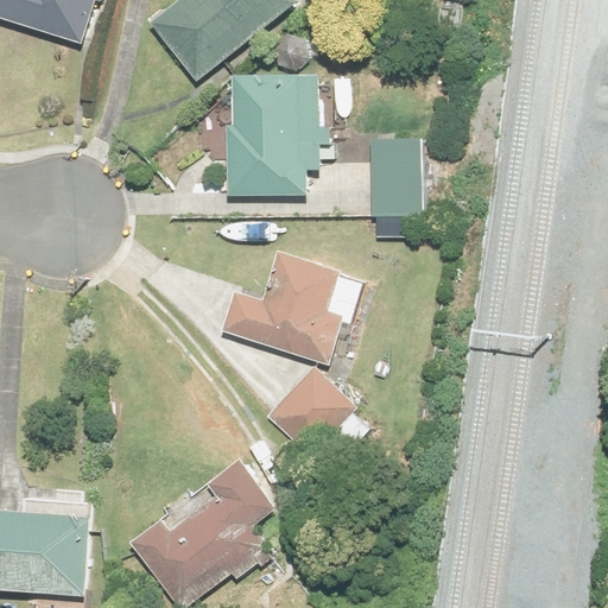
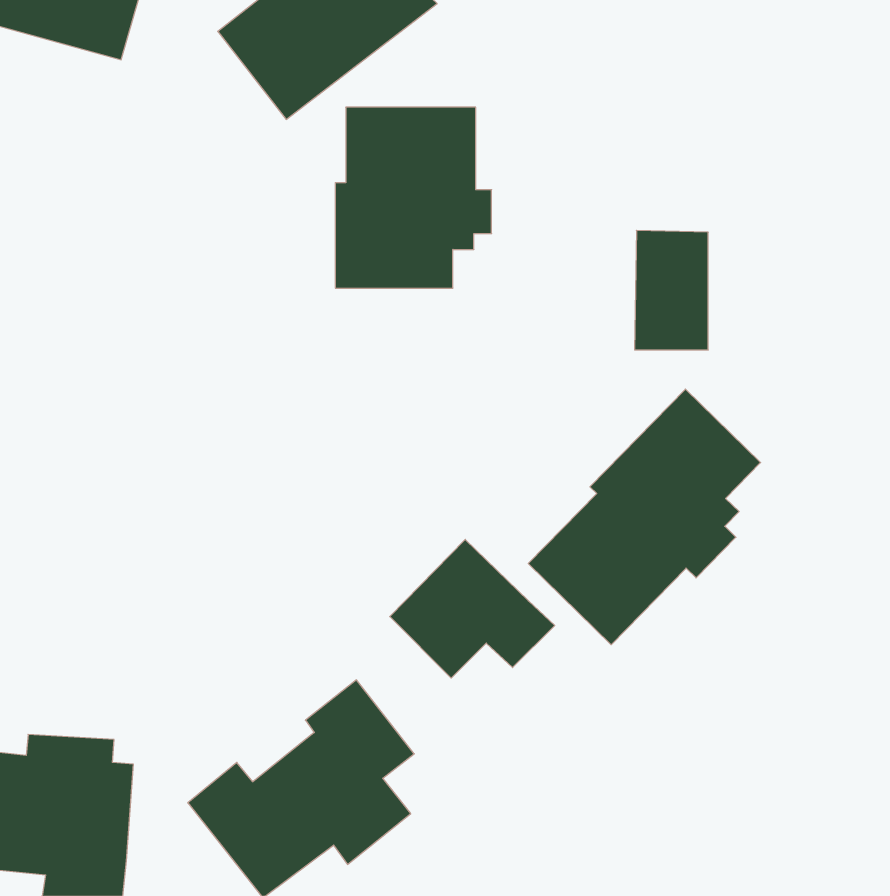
building: [370,135,420,216] -> [635,230,708,350]
building: [220,255,362,363] -> none
building: none -> [528,389,761,645]

